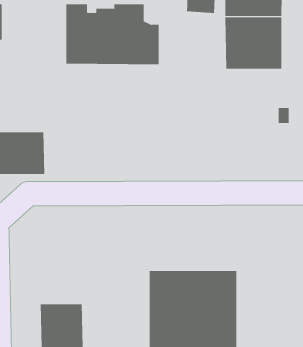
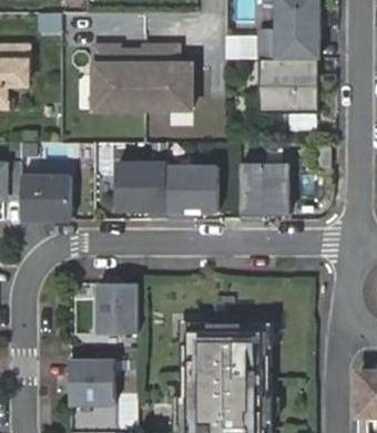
building: none -> [238,162,289,221]
building: none -> [112,163,163,215]
building: none -> [167,166,218,212]
building: none -> [94,282,135,333]

